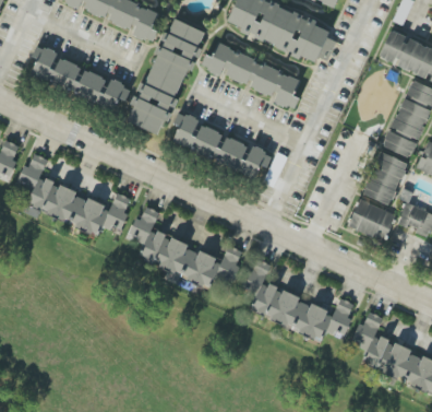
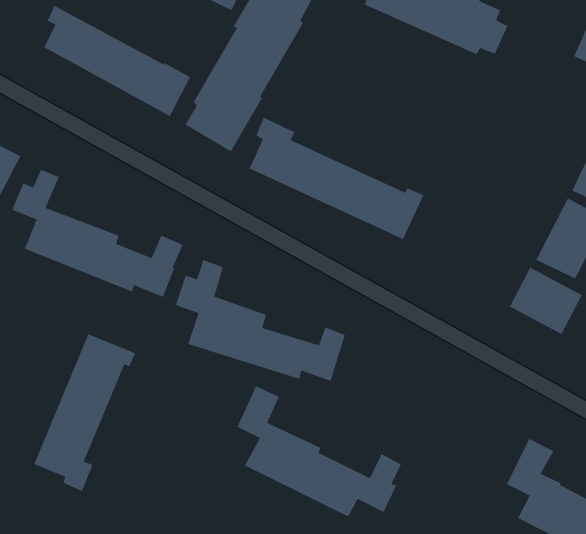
building: [200,42,300,109] -> none
building: [243,258,353,341] -> [236,385,402,517]
building: none -> [33,333,136,492]

